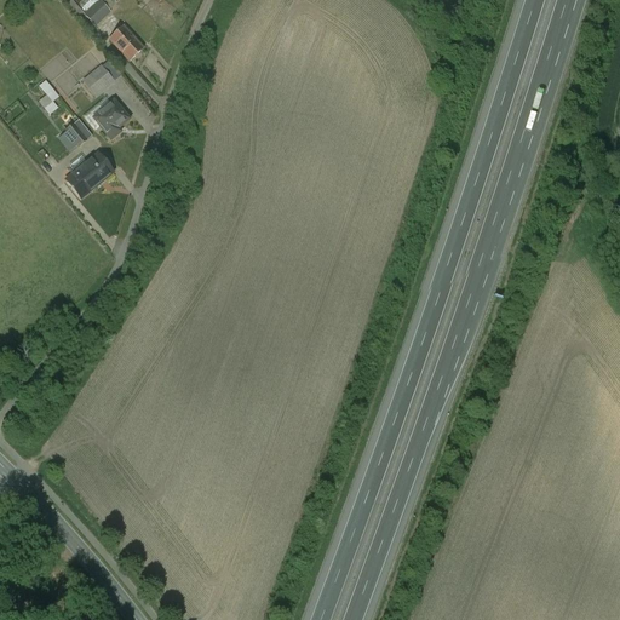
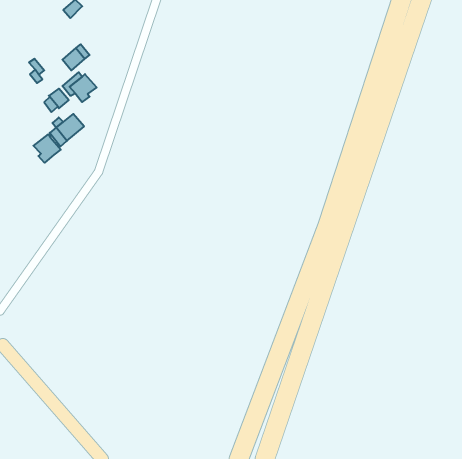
building: [110,24,143,58] -> none
building: none -> [33,134,61,163]

